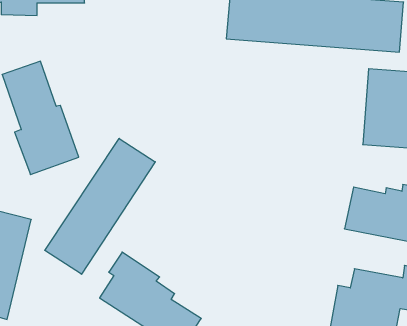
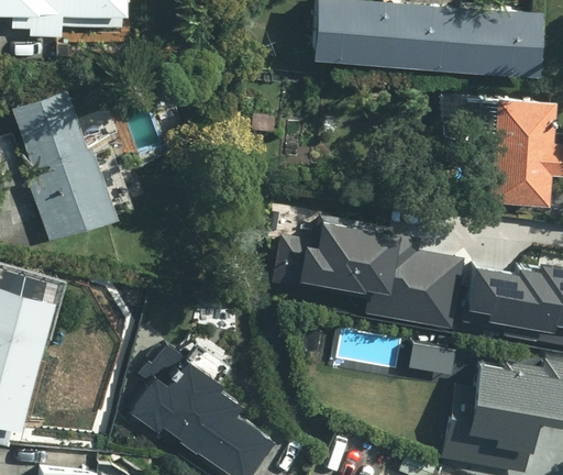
building: [45,138,155,274] -> none
building: none -> [275,212,465,325]

